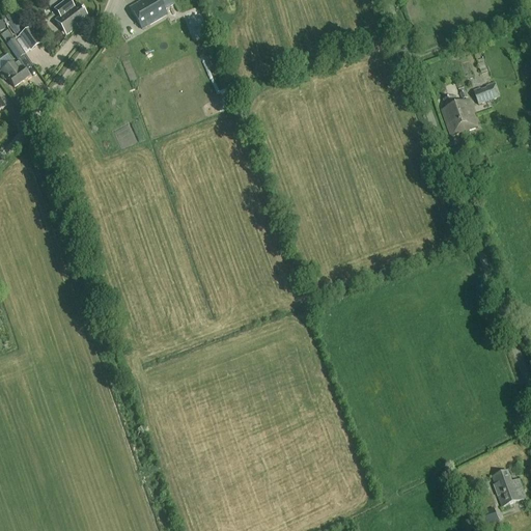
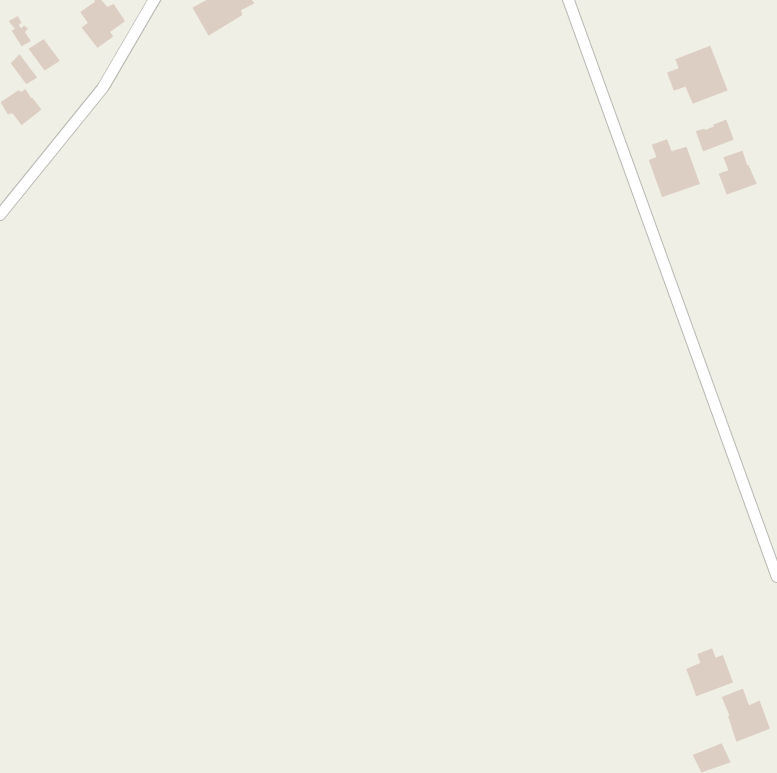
building: none -> [666,45,729,104]
building: none -> [718,150,757,195]
building: none -> [685,647,734,697]

